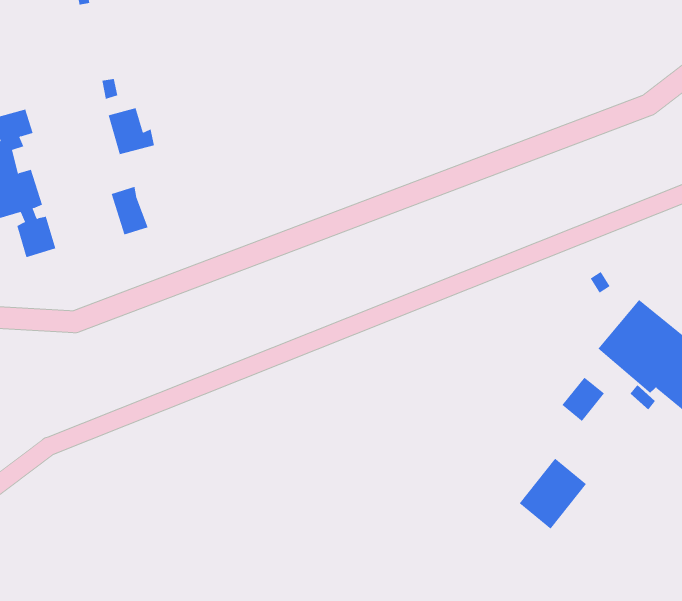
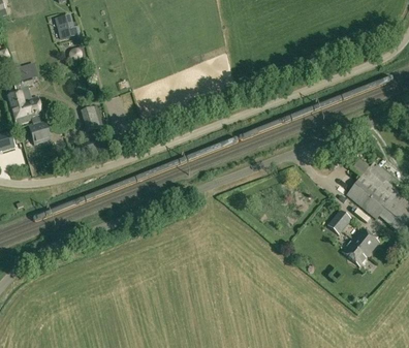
building: [108,108,155,155] -> [55,13,81,39]
building: [519,458,587,530] -> [342,227,379,266]

